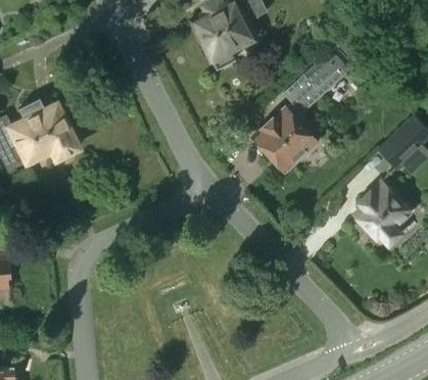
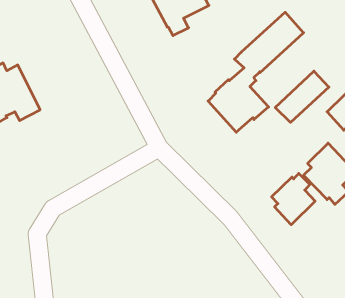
building: none -> [275,71,329,122]
building: none -> [272,173,315,225]

